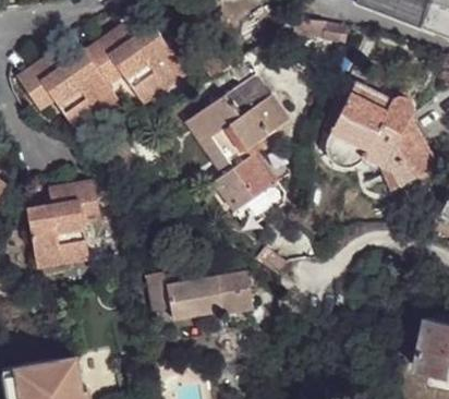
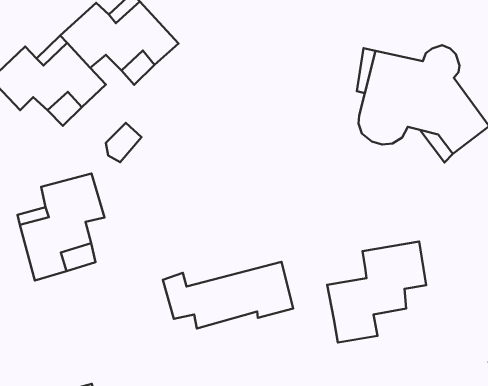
building: [184,70,288,209] -> none
building: none -> [327,241,426,342]

